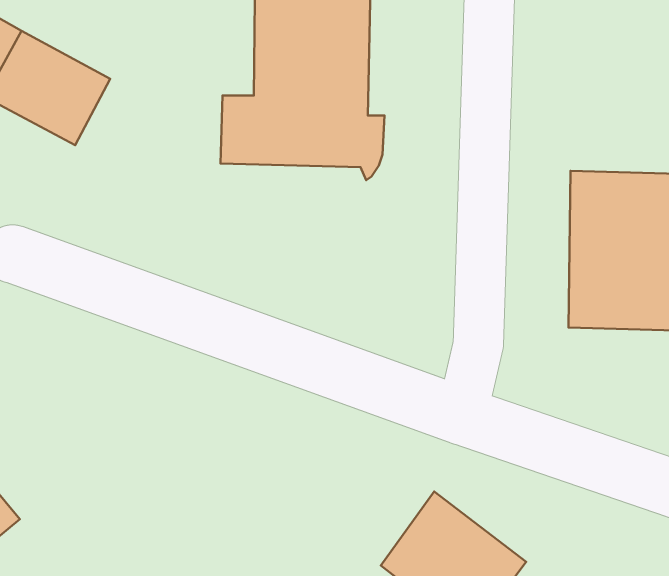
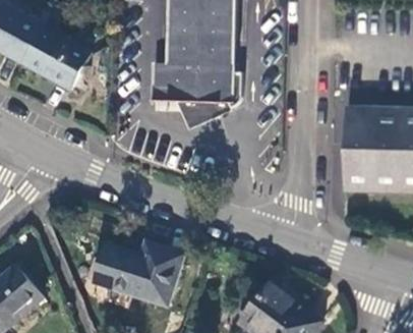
building: none -> [96,241,183,303]

